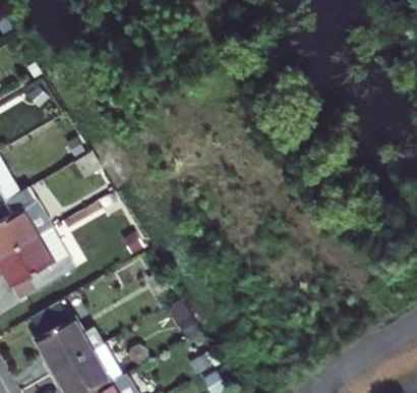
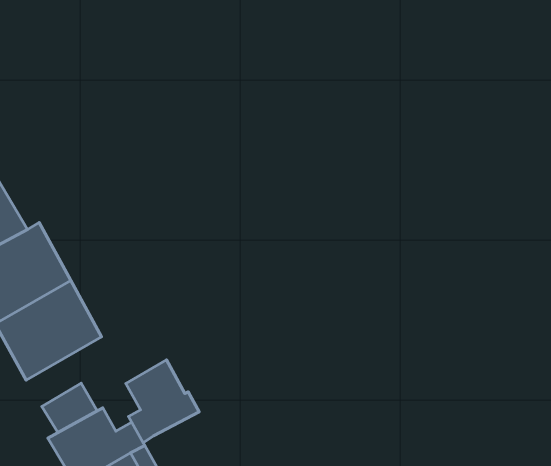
building: none -> [126,360,199,443]

